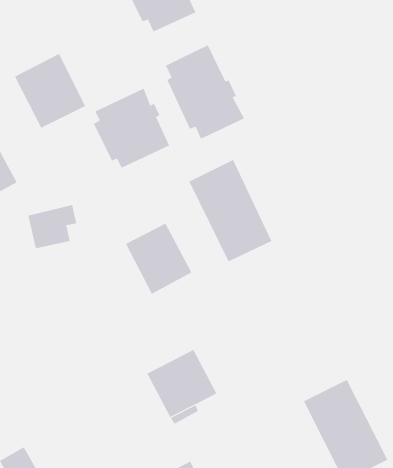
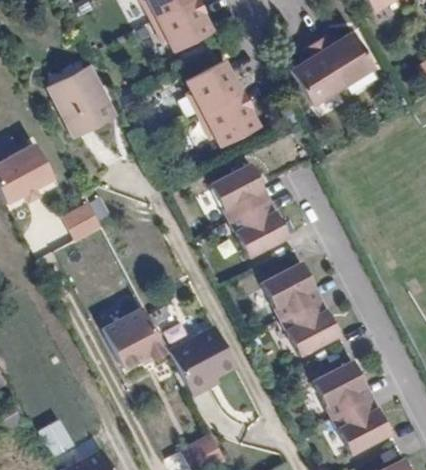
building: none -> [294,27,378,100]
building: [93,88,170,168] -> none
building: [125,223,192,295] -> [102,310,163,375]
building: none -> [260,260,338,353]

